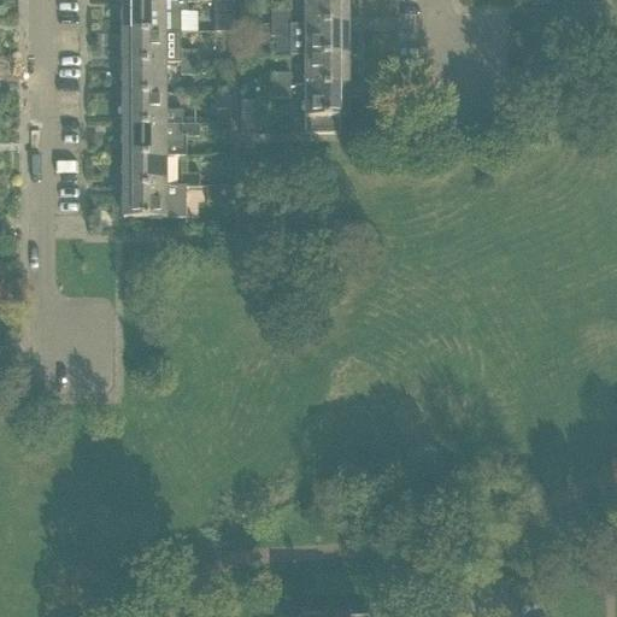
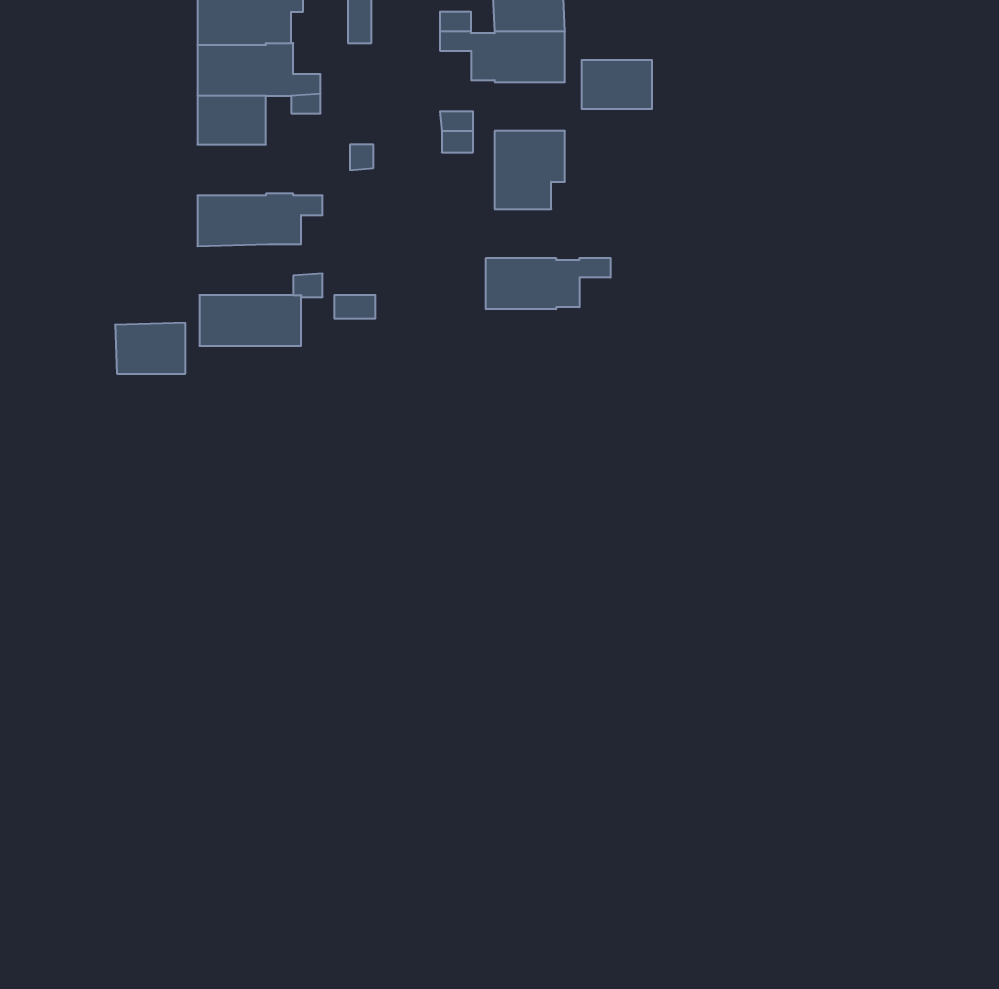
building: [305,51,348,81] -> [582,60,652,109]
building: [122,89,182,121] -> none
building: [122,151,165,182] -> [115,323,185,374]
building: none -> [486,258,611,309]

